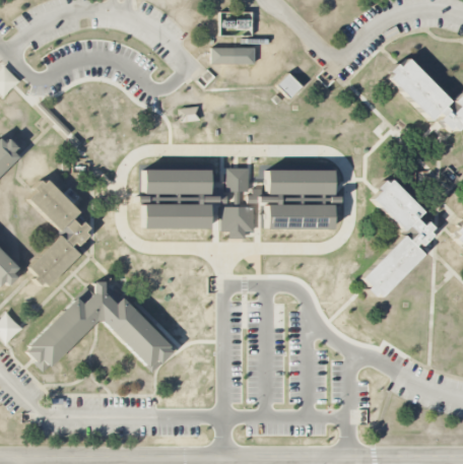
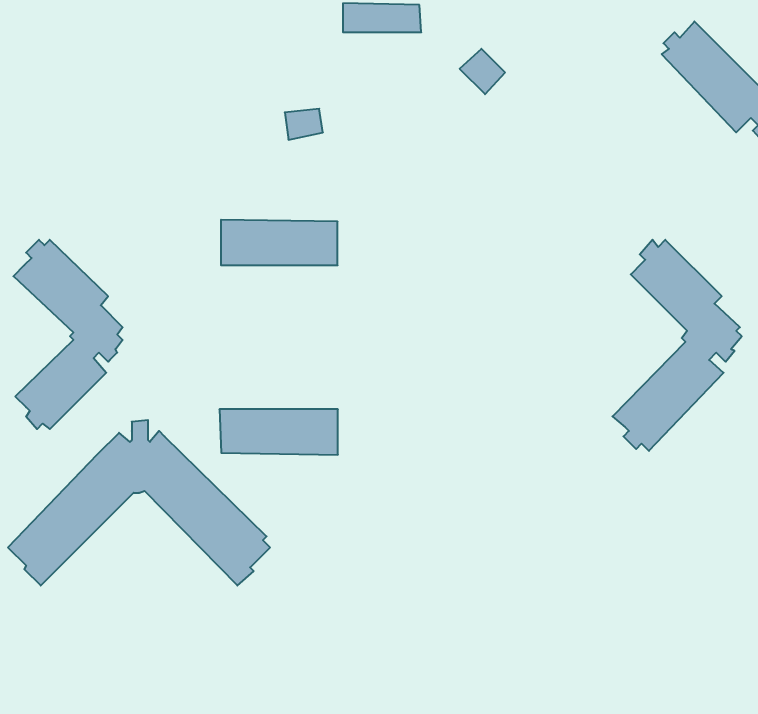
building: [228,169,250,192] -> none
building: [268,170,334,194] -> none
building: [144,203,210,228] -> [219,409,338,455]
building: [268,204,334,228] -> none
building: [222,207,255,239] -> none

